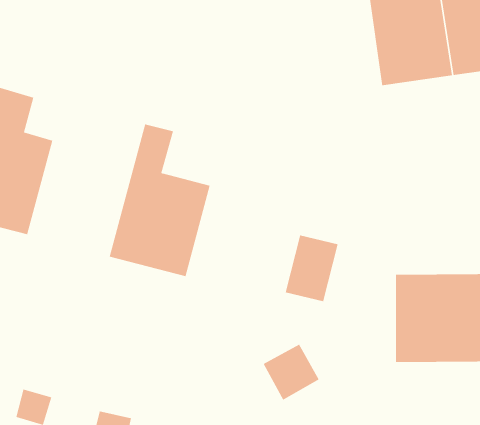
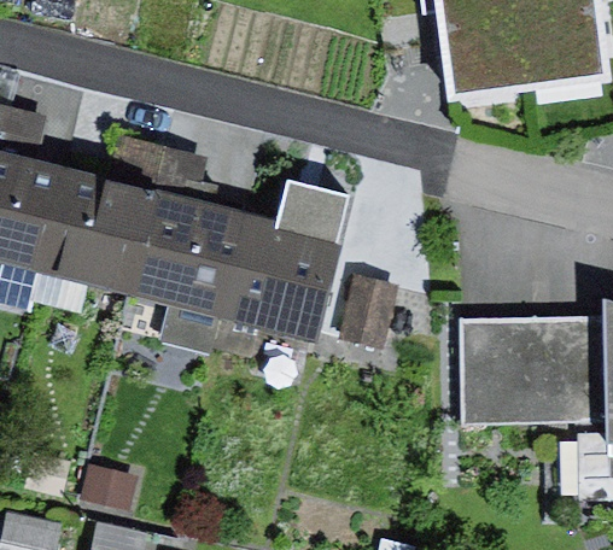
building: none -> [41,131,175,300]
building: none -> [216,185,348,357]

